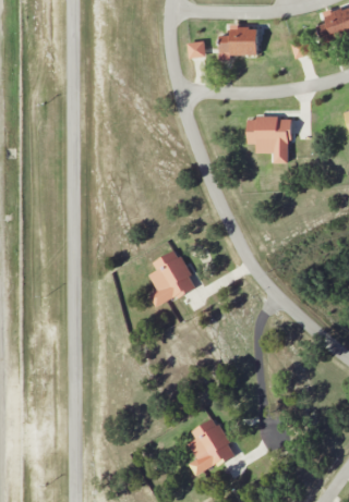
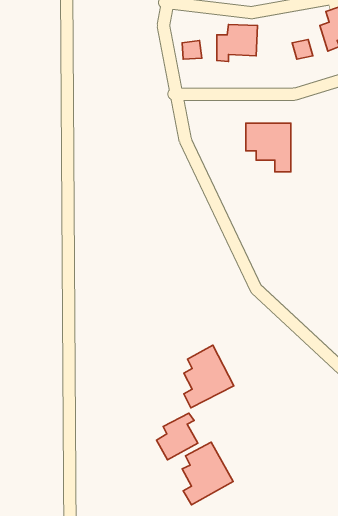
building: [148,248,195,307] -> [184,345,234,408]
building: none -> [157,413,198,460]

